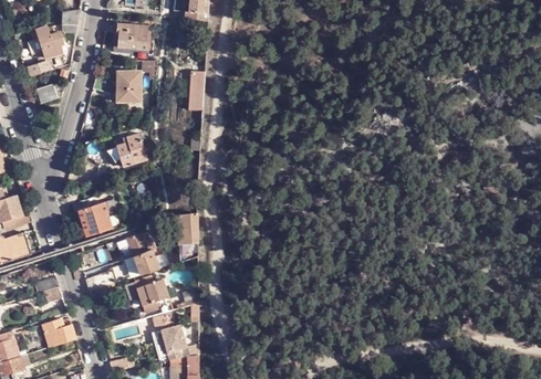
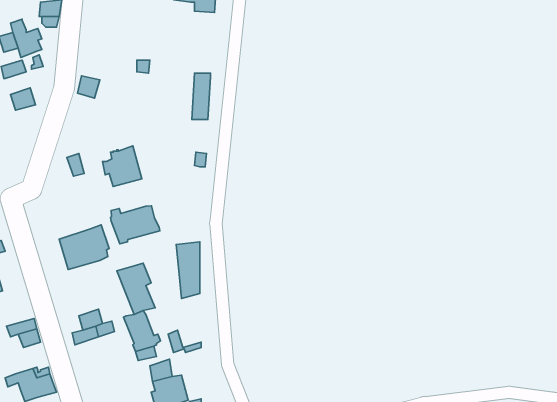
building: [115,24,148,50] -> none
building: [116,72,139,102] -> none
building: none -> [110,206,160,244]

